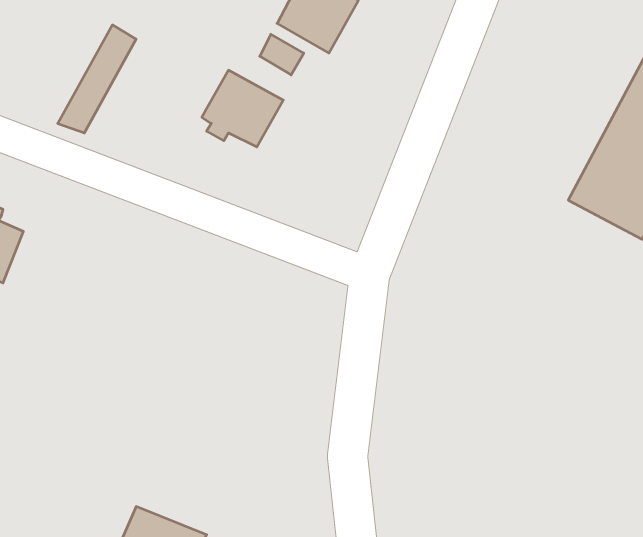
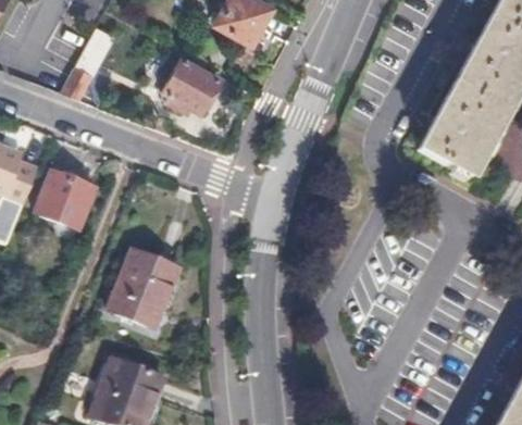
building: none -> [36,171,96,230]
building: none -> [108,251,178,328]

